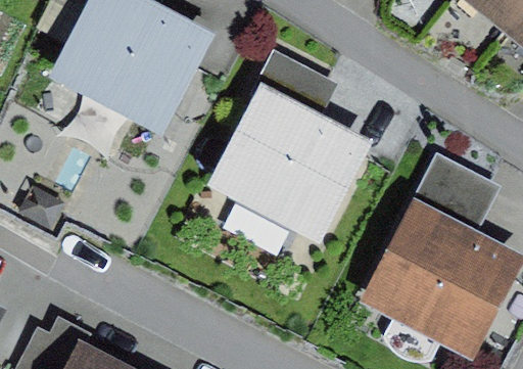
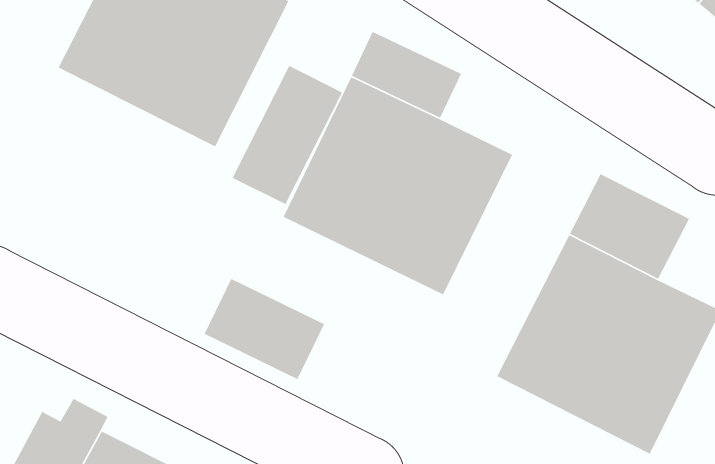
building: none -> [232,65,343,205]
building: none -> [204,278,325,380]

